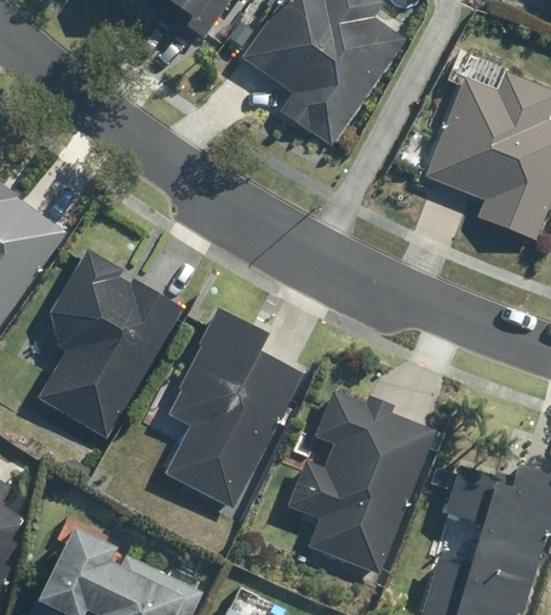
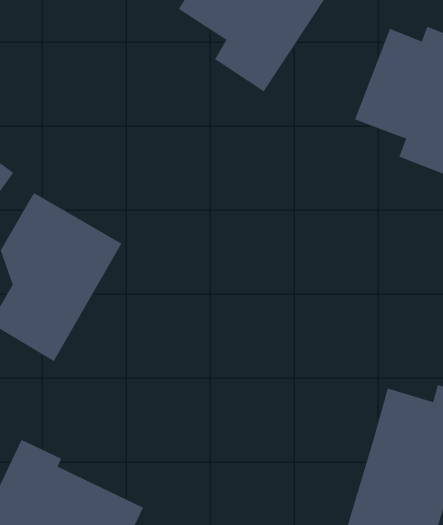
building: [160,309,303,513] -> none
building: [289,390,432,569] -> none

